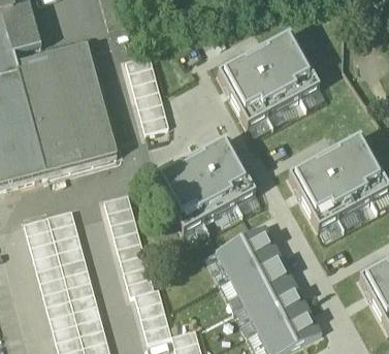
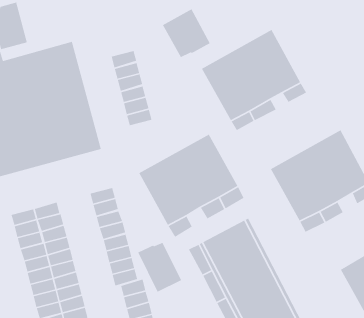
building: none -> [162,8,211,58]
building: none -> [137,242,182,293]

